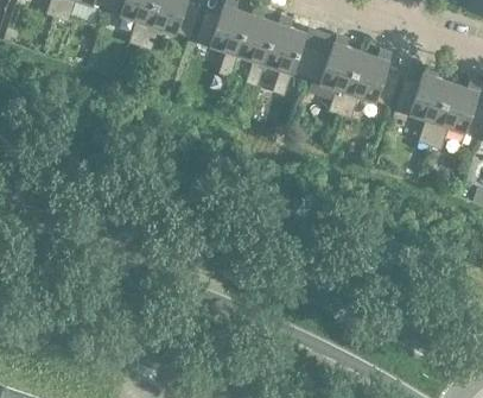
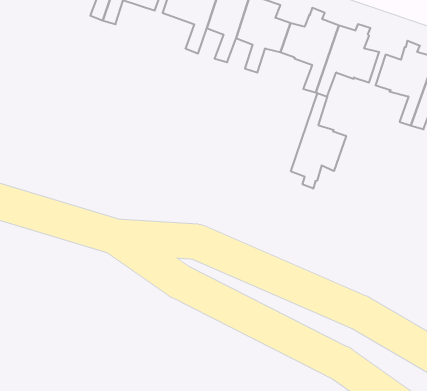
building: none -> [291,93,346,189]

